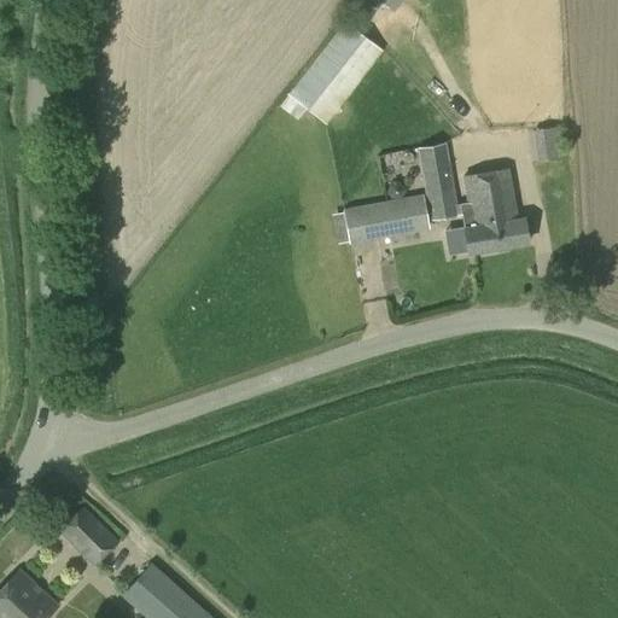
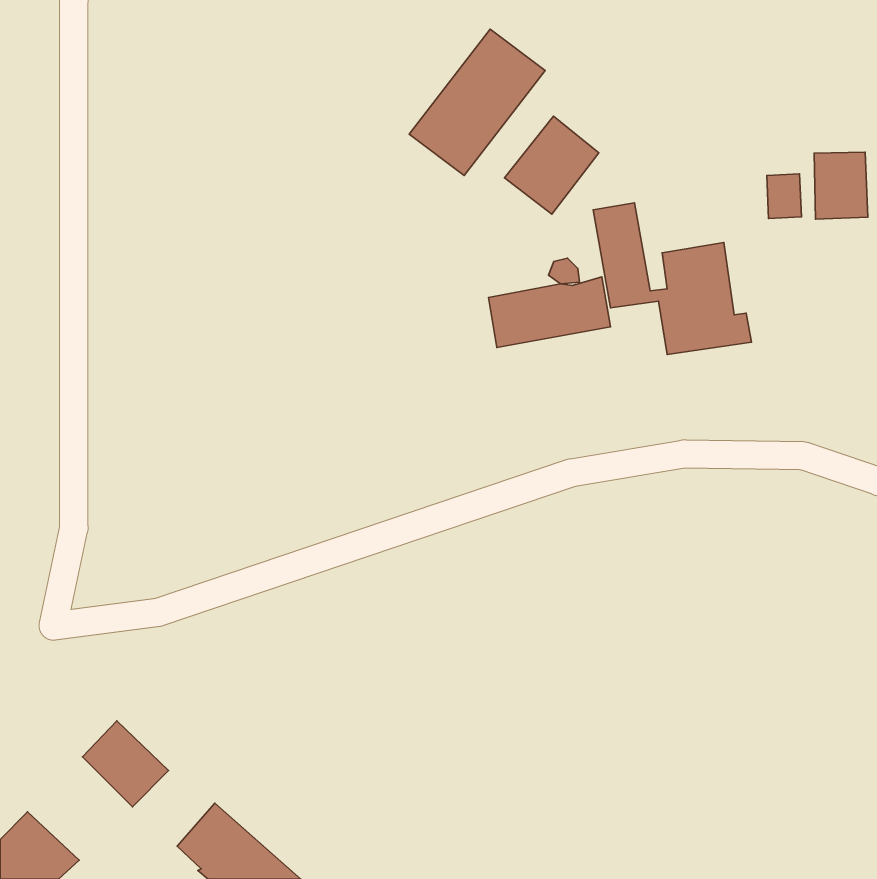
building: none -> [504,116,599,214]
building: none -> [814,152,868,219]

